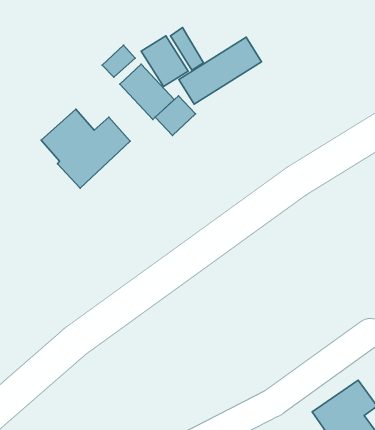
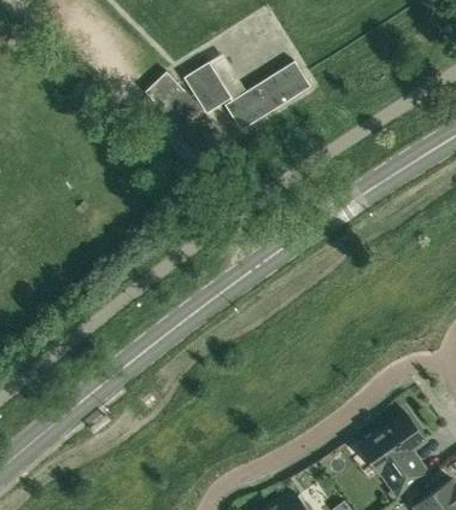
building: [155,96,196,135] -> none
building: [41,109,130,188] -> none

